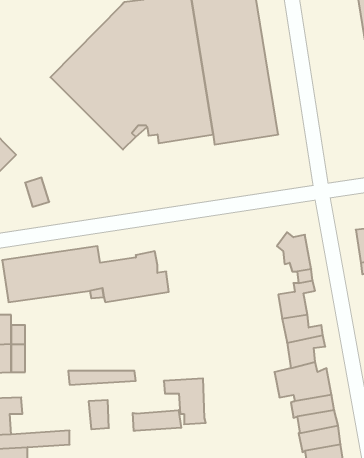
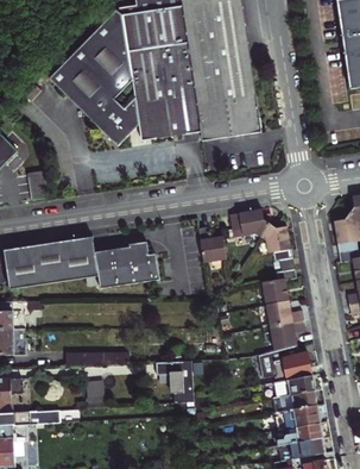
building: none -> [229,208,270,236]
building: none -> [198,226,226,262]
building: [133,410,181,431] -> none

